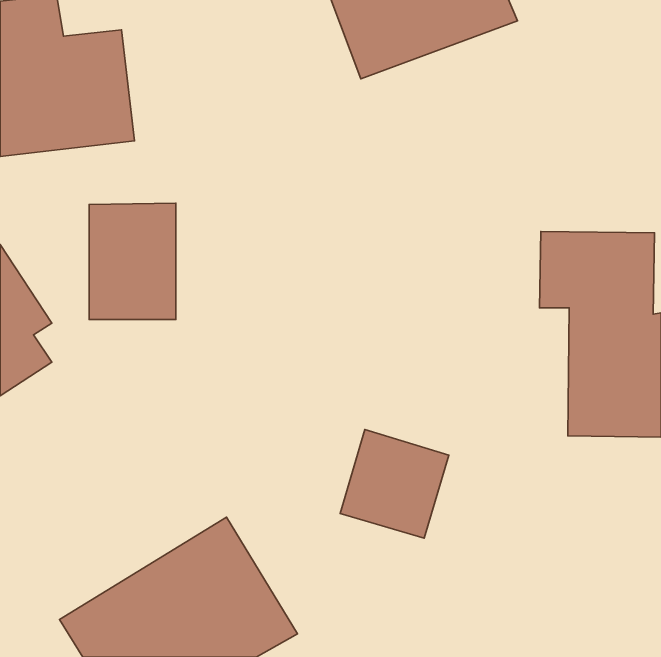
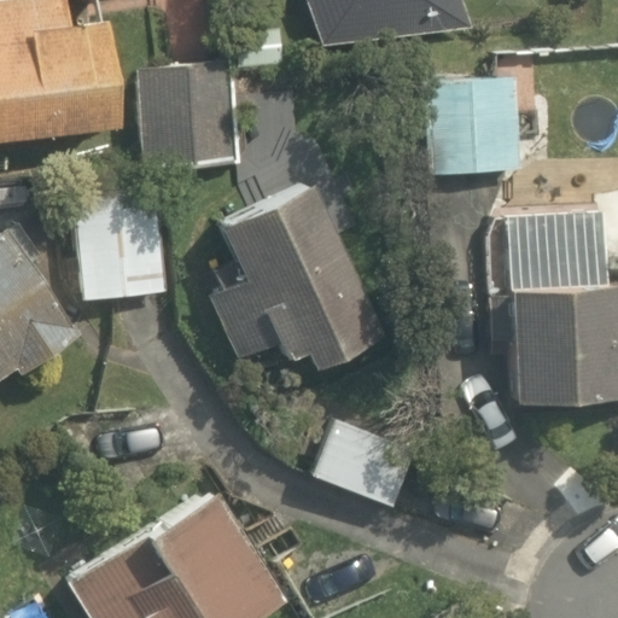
building: none -> [145,57,237,165]
building: none -> [428,82,518,175]
building: none -> [187,179,377,365]

